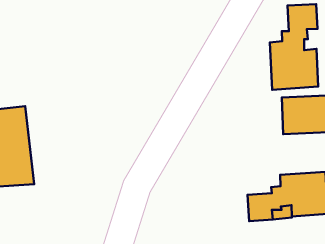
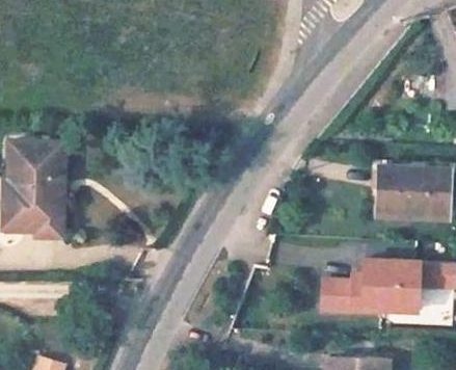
building: [270,4,318,90] -> none

